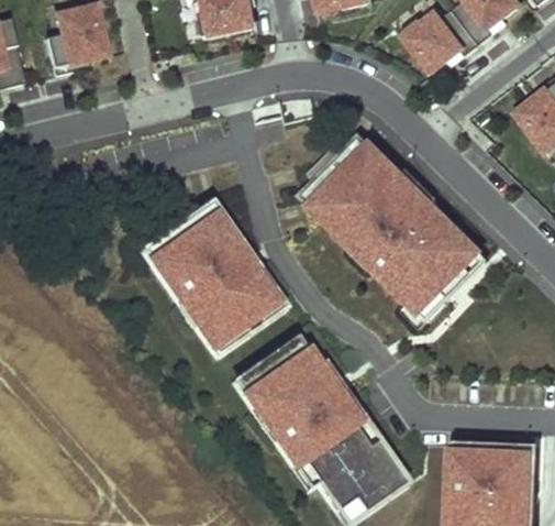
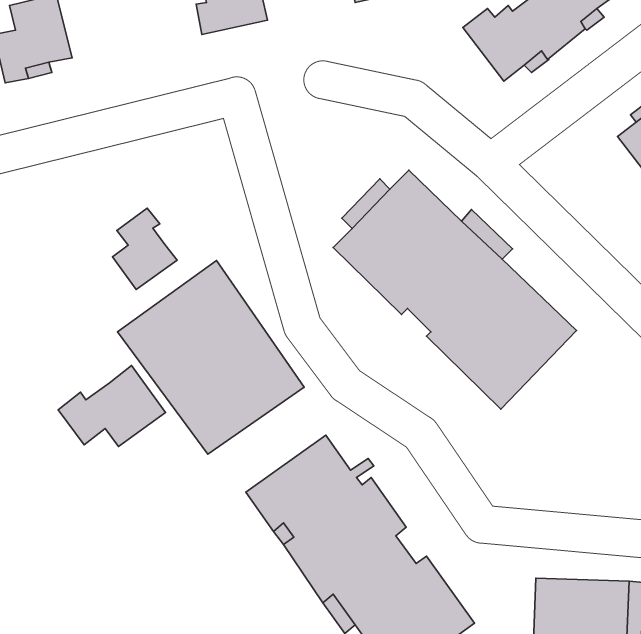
building: none -> [113,208,177,290]
building: none -> [58,365,165,446]

